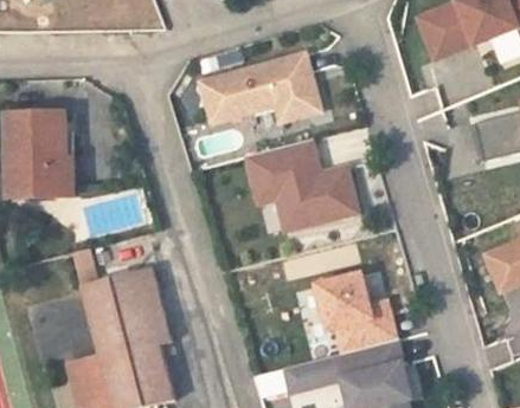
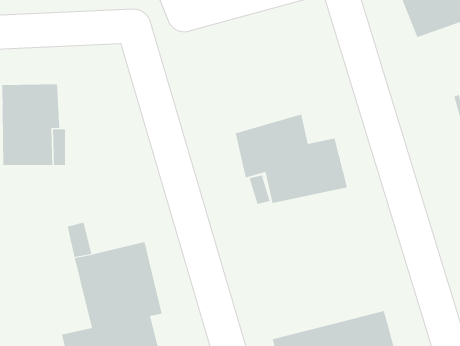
building: [197,50,323,127] -> none
building: [314,272,399,352] -> none

